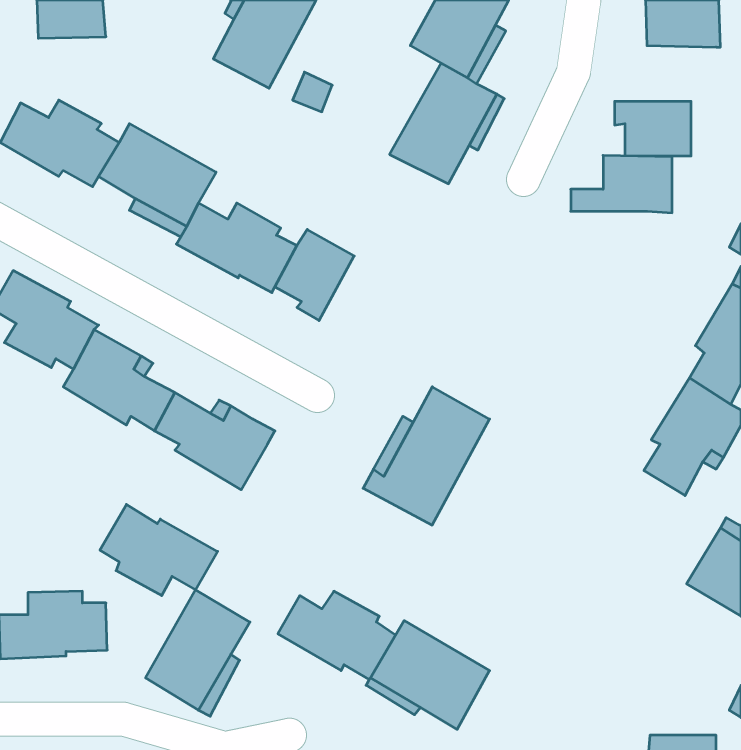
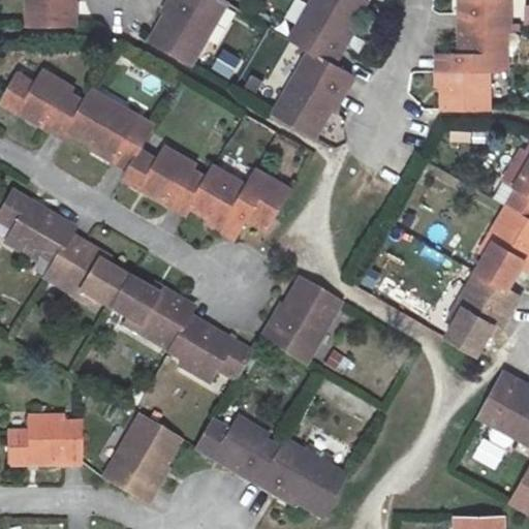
building: [571,155,672,213] -> [432,33,503,73]
building: none -> [224,164,292,234]
building: [100,504,218,596] -> [169,313,252,377]

